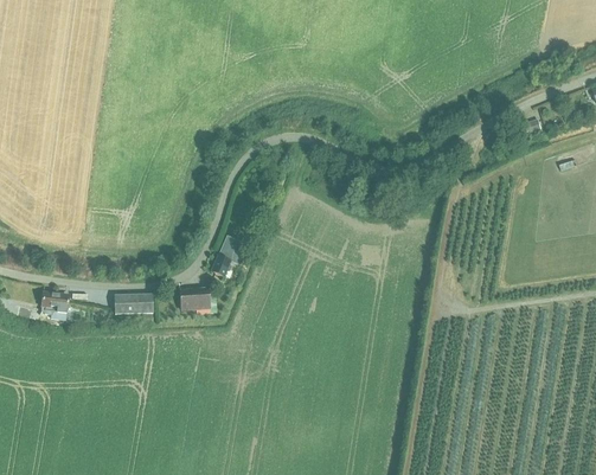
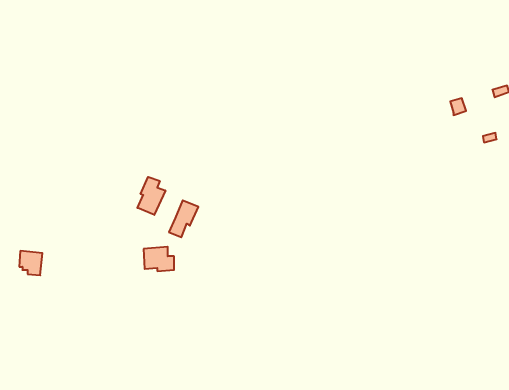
building: none -> [137,177,165,215]
building: [115,293,152,313] -> none

